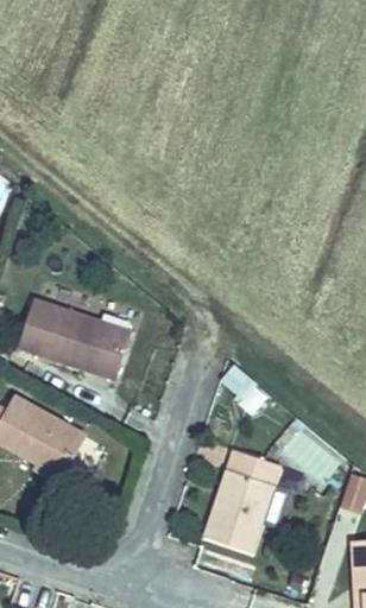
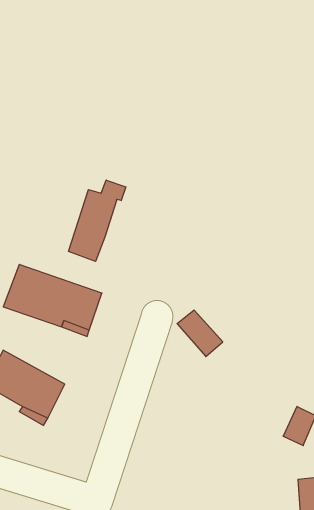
building: none -> [69,180,126,261]
building: [200,449,278,555] -> none

